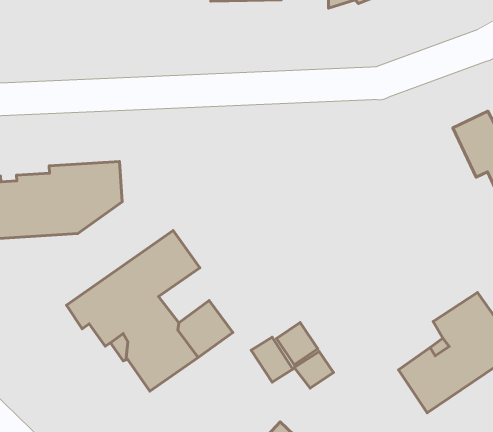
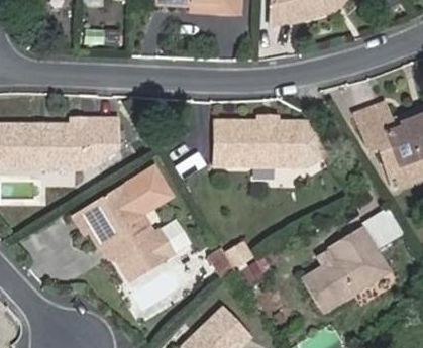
building: none -> [220,122,330,165]

